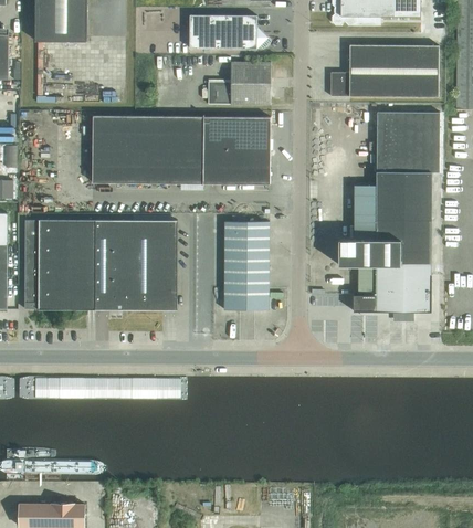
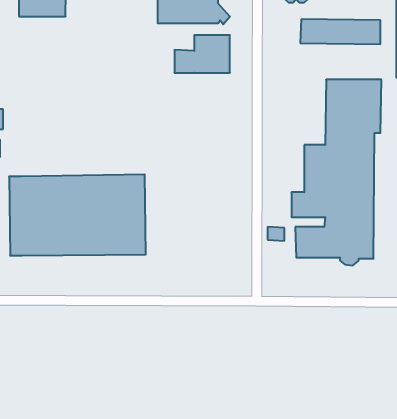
building: [330,71,439,96] -> none
building: [93,117,271,184] -> none
building: [224,221,270,309] -> none

